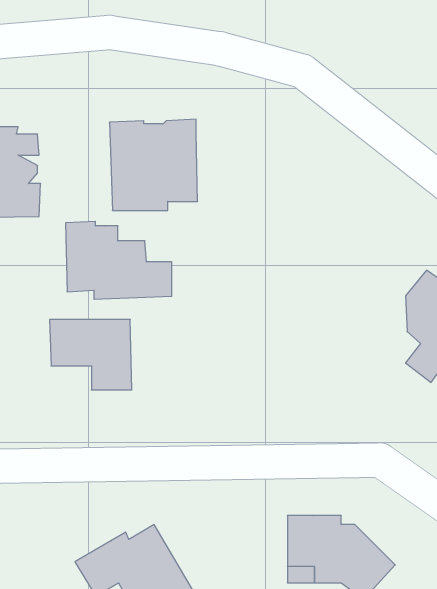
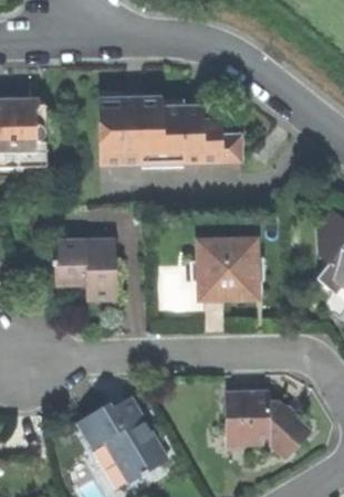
building: [66,221,172,299] -> [163,106,241,163]
building: none -> [198,240,265,300]

